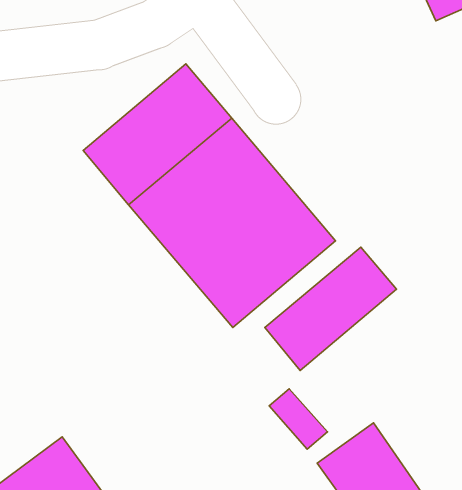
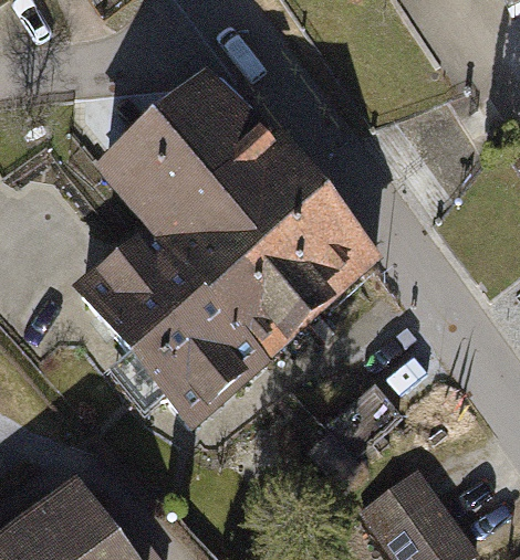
building: none -> [80,226,261,418]
building: [265,247,396,370] -> none

